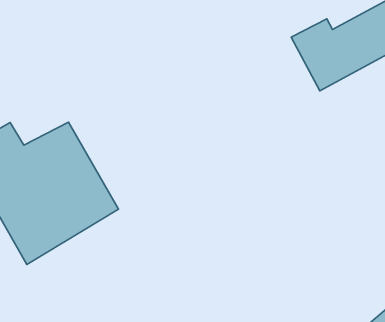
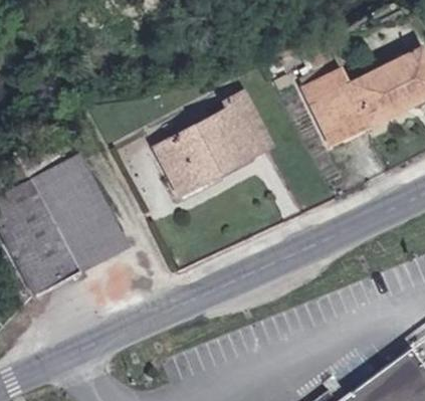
building: none -> [162,94,273,190]

